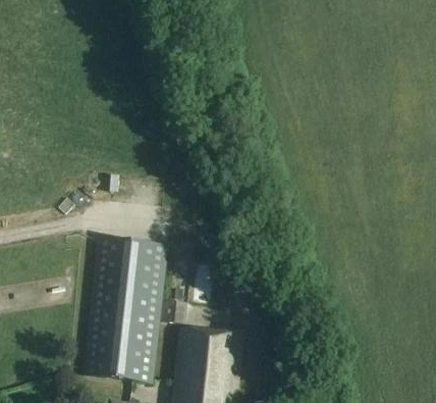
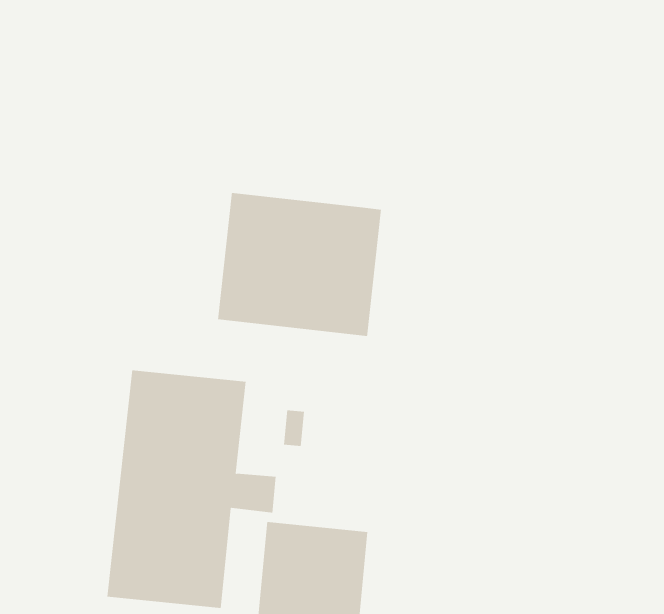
building: none -> [218,192,381,337]

